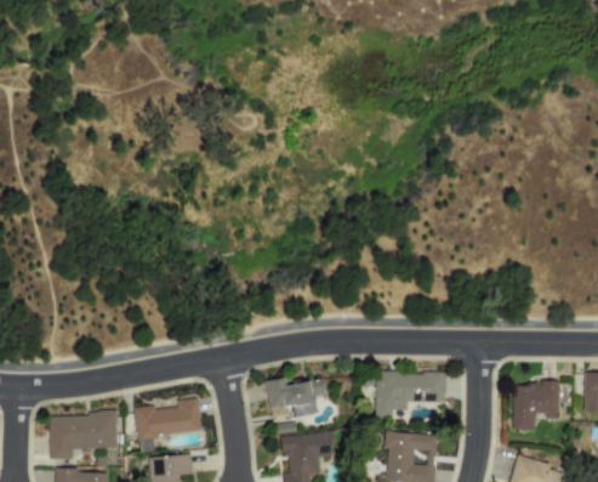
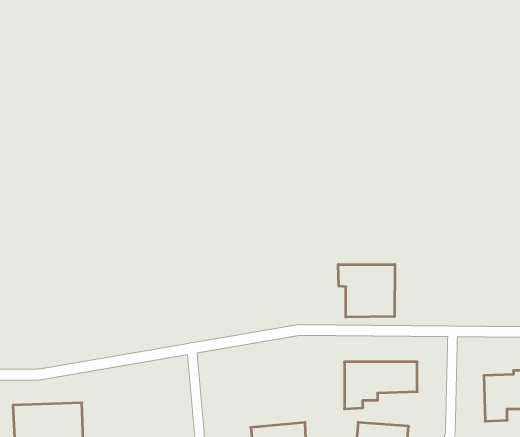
building: none -> [338,264,395,317]
building: [266,378,328,418] -> none
building: [135,399,201,440] -> none

